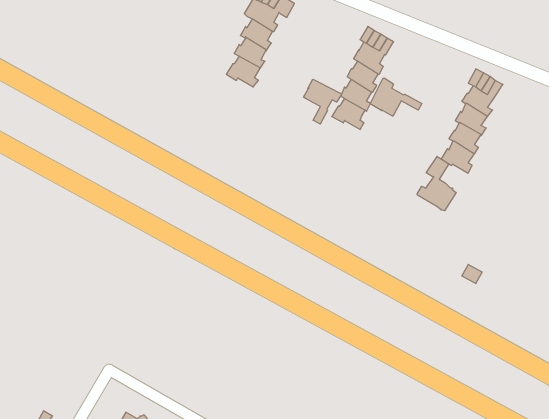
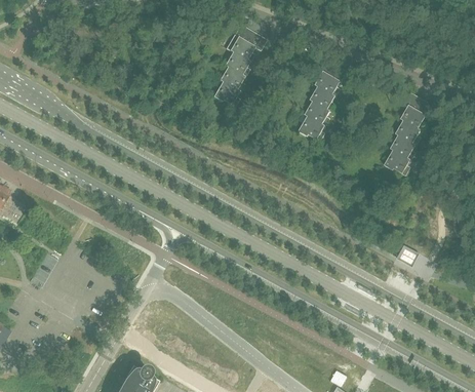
building: [370,78,422,116] -> none
building: [304,79,341,124] -> none
building: [417,156,456,211] -> none

